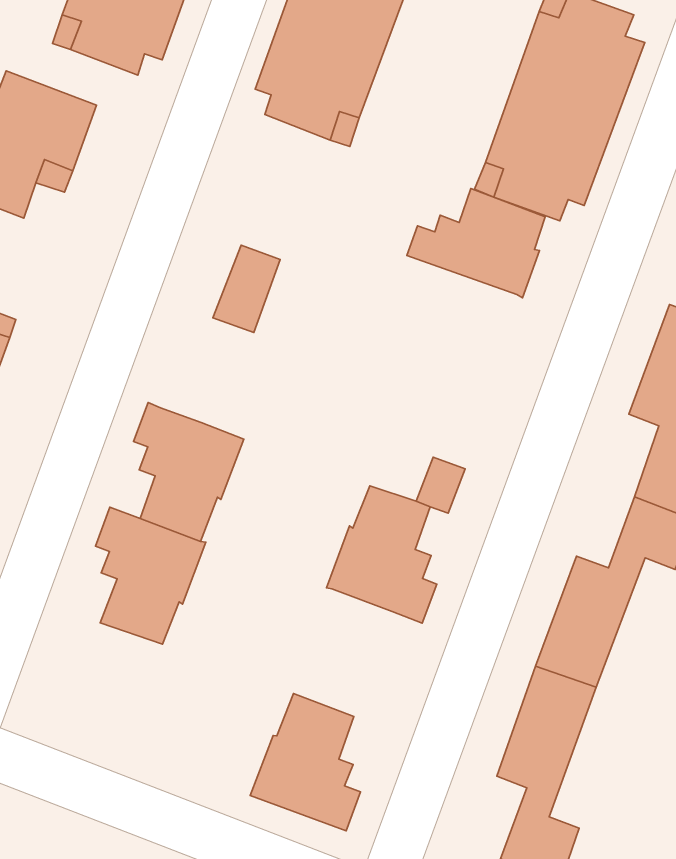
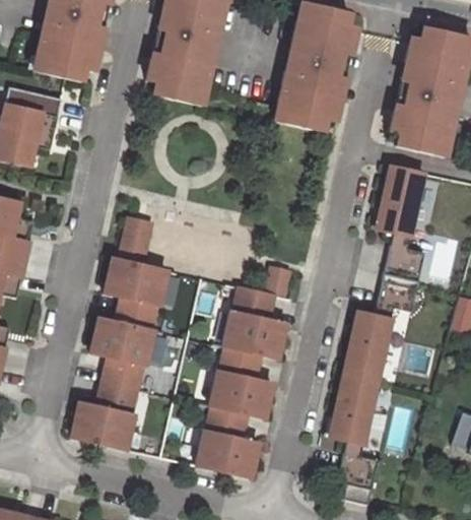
building: [407,188,545,298] -> none
building: [213,245,280,332] -> [120,218,152,265]
building: none -> [210,346,270,418]
building: none -> [72,382,138,450]

